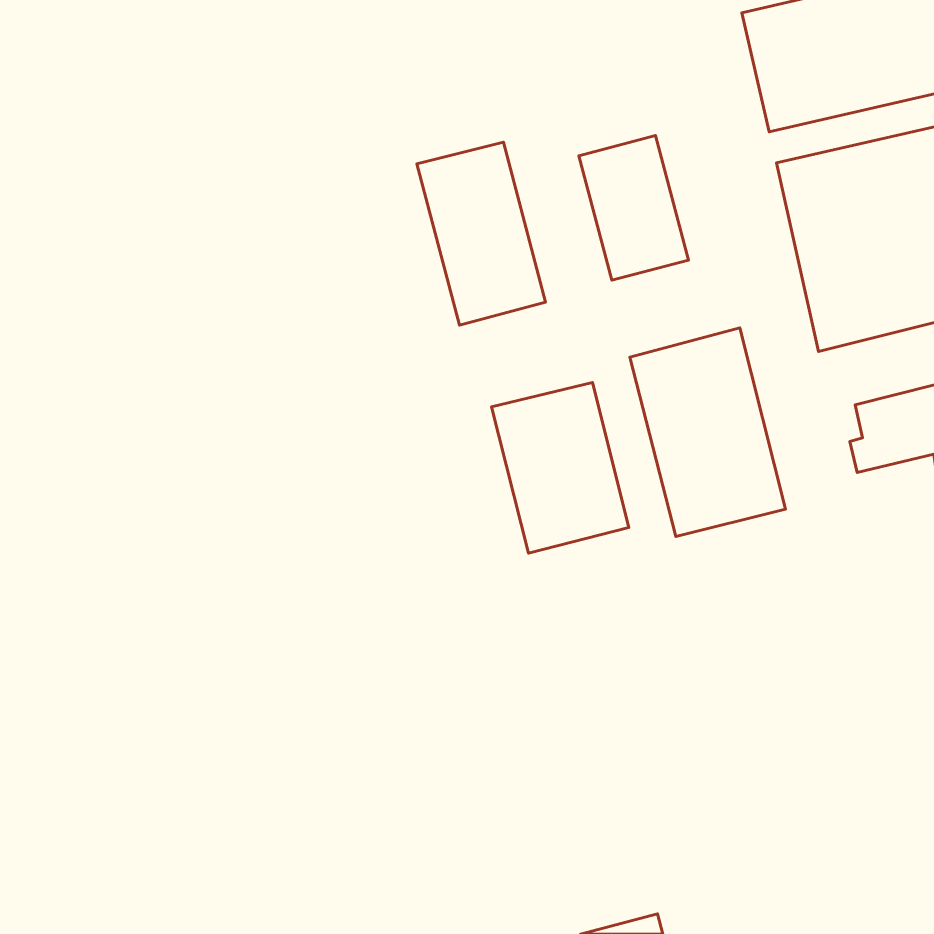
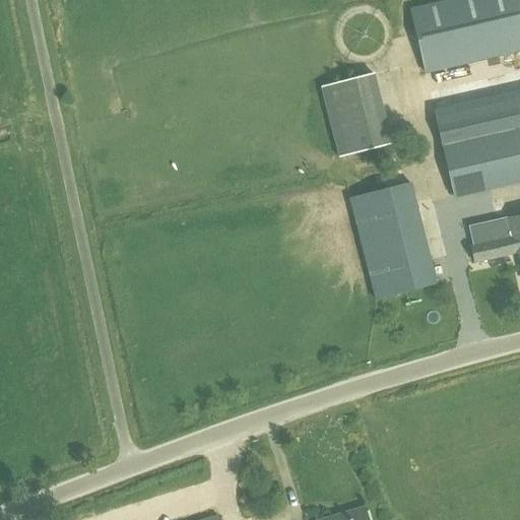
building: [417,142,545,325] -> none
building: [491,383,629,553] -> none

